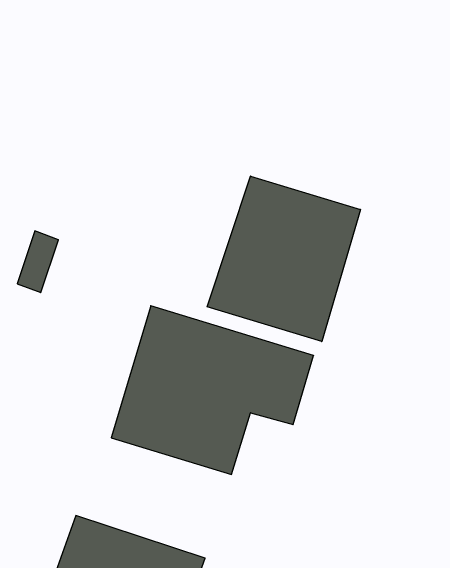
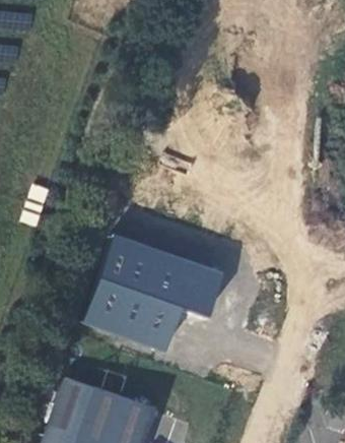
building: [207,176,360,342] -> none

